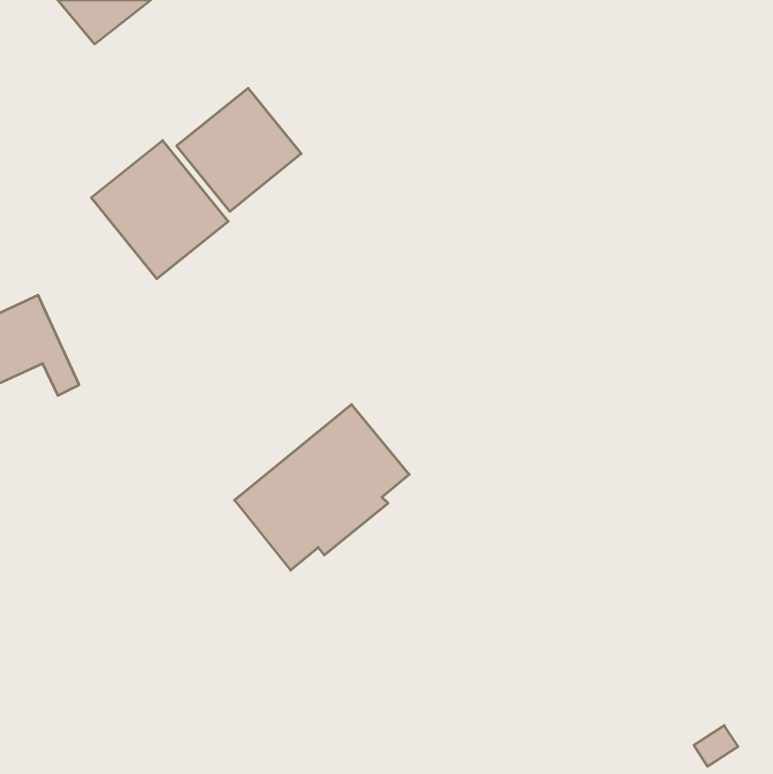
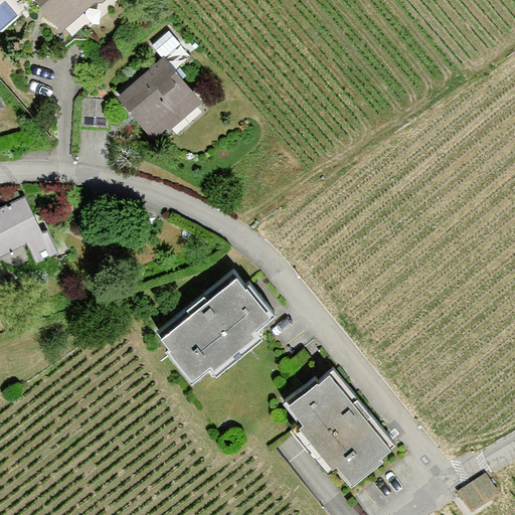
building: [91,140,228,279] -> none
building: none -> [284,366,397,488]

